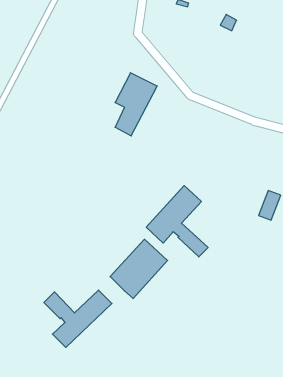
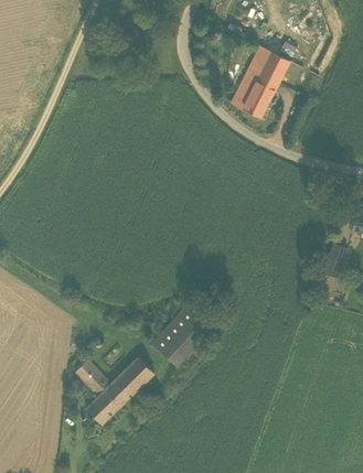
building: [115,73,157,136] -> [242,46,290,119]
building: [146,186,208,257] -> none

